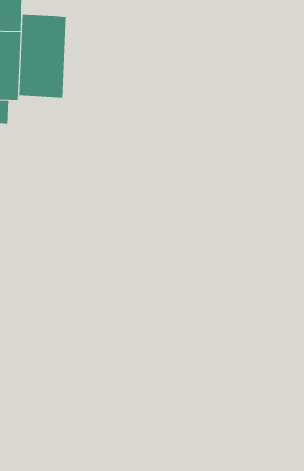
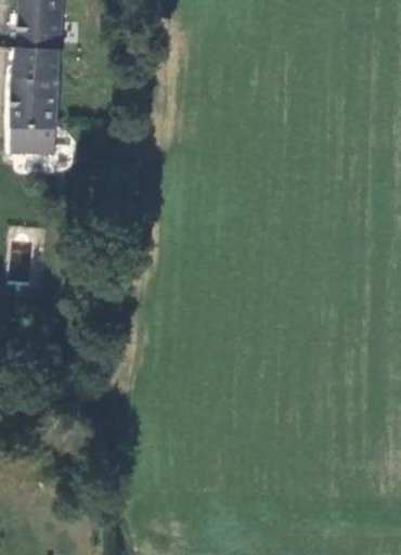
building: [19,14,66,98] -> none

